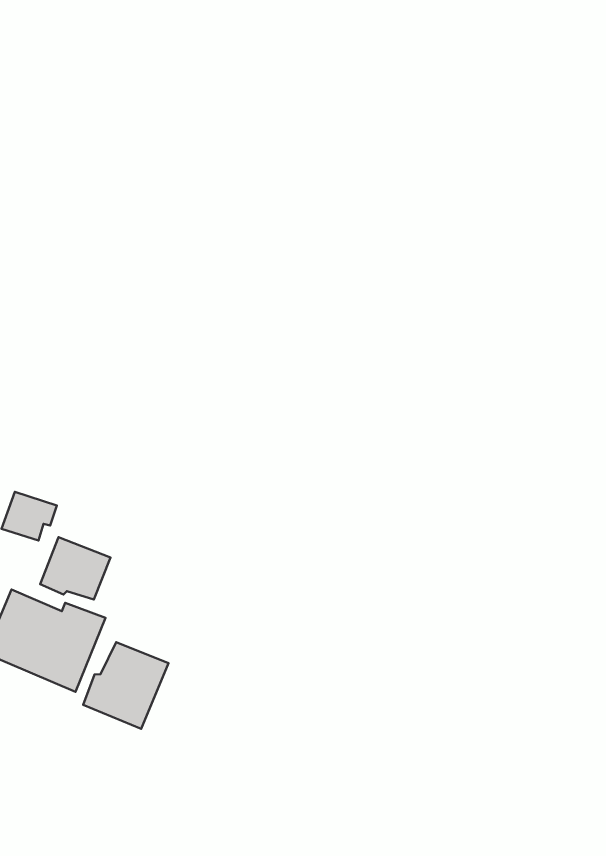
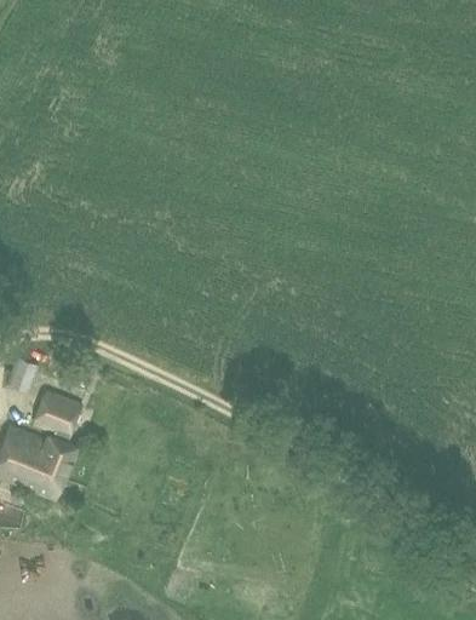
building: [83,642,169,729] -> none

